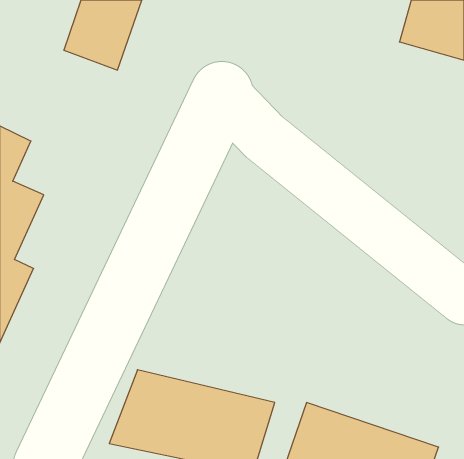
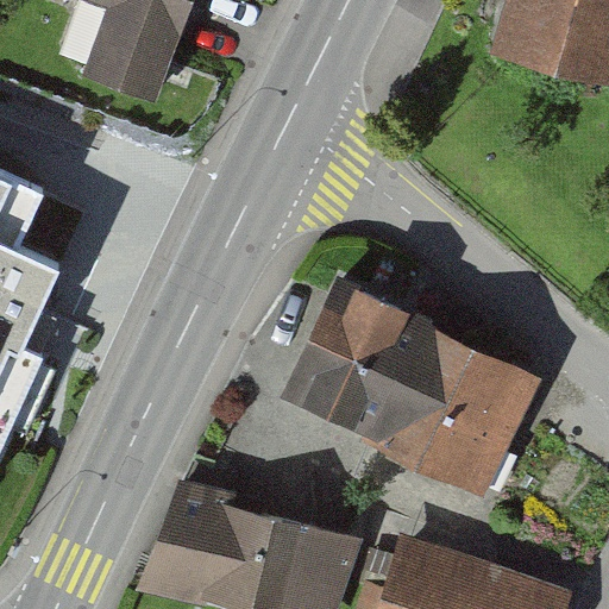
building: none -> [289,287,536,489]

